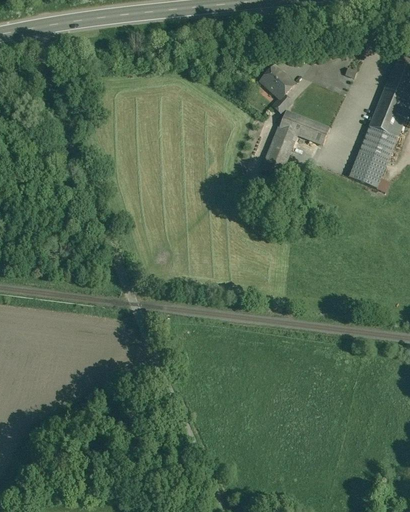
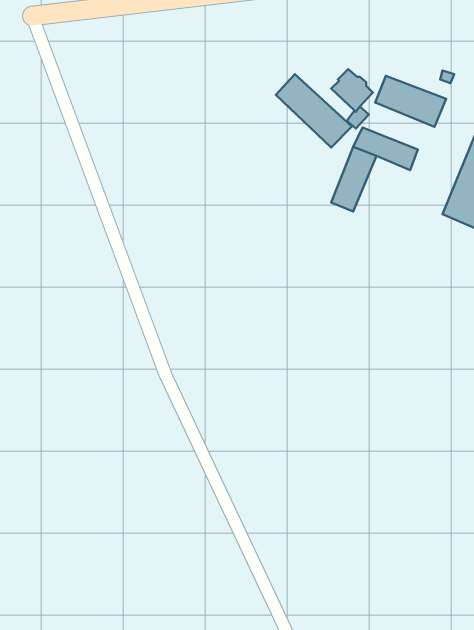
building: none -> [276,74,352,148]
building: none -> [375,76,446,127]

